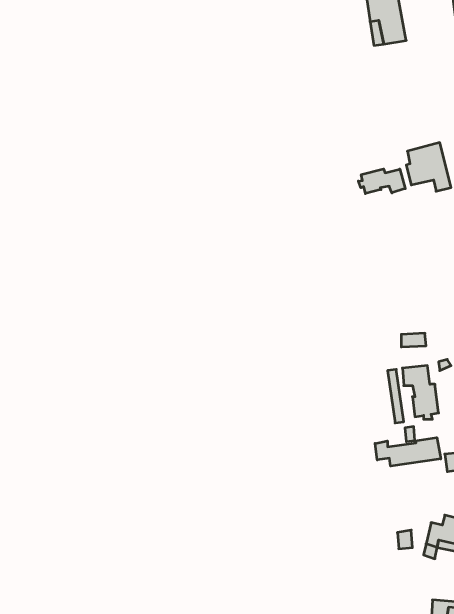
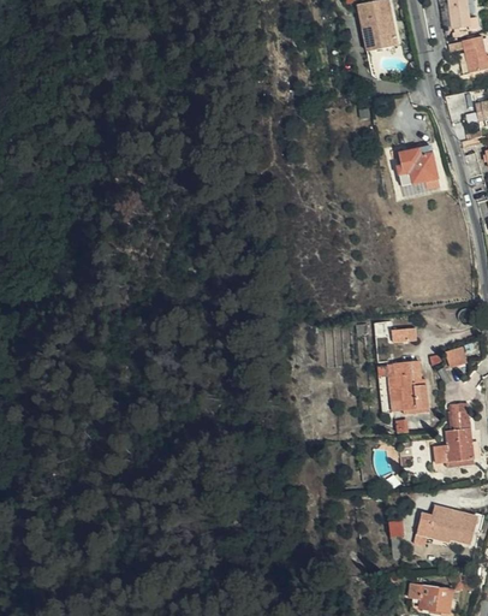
building: [358,169,405,194] -> none
building: [375,438,441,466] -> none

